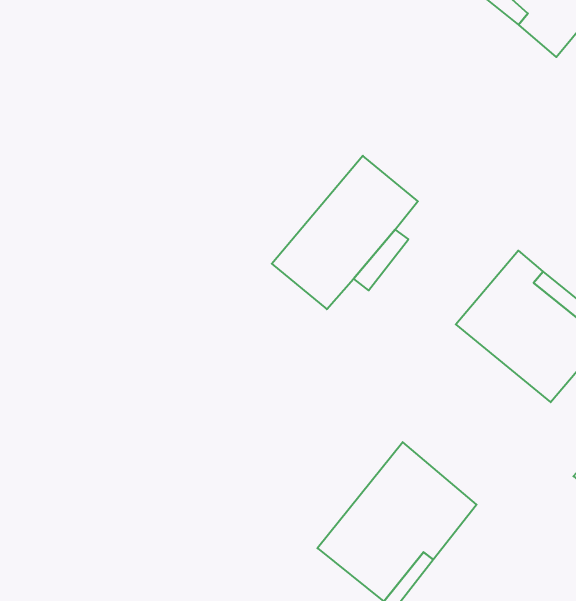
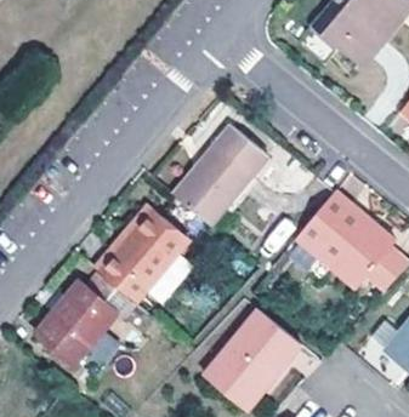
building: none -> [101,212,192,303]
building: none -> [39,279,120,361]

